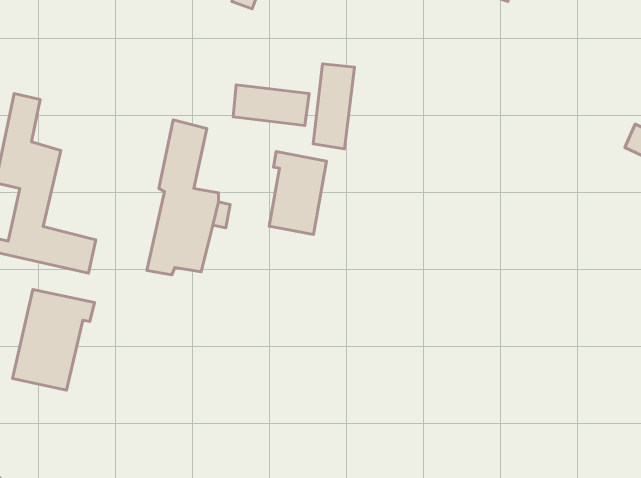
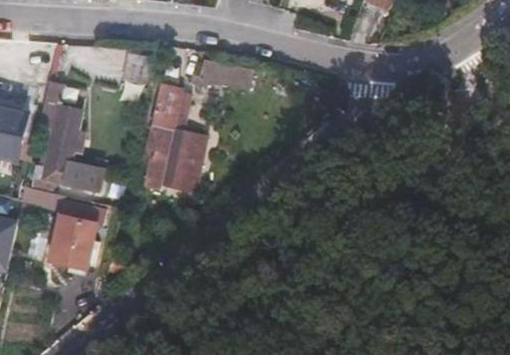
building: [313,64,354,149] -> none
building: [269,151,327,234] -> none

